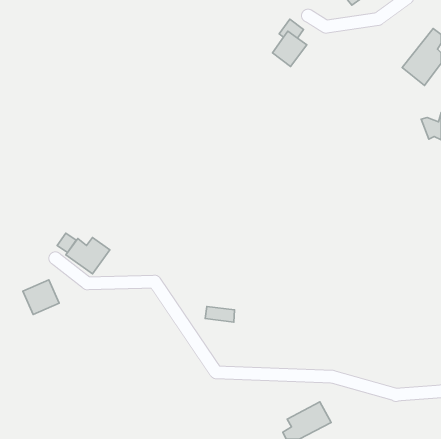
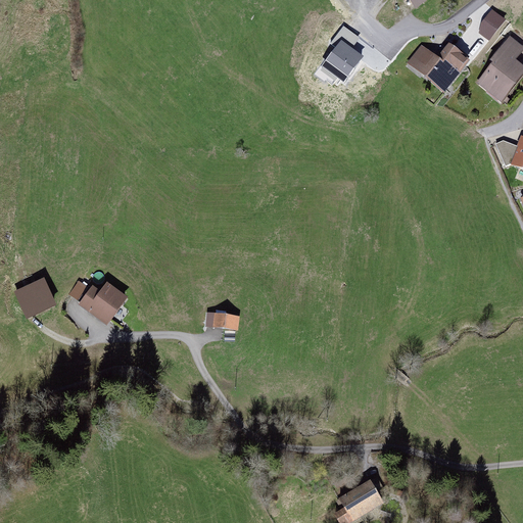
building: none -> [477,6,505,38]
building: none -> [406,42,467,90]
building: [23,280,59,314] -> [14,279,57,320]
building: [205,306,235,322] -> [205,313,240,331]

